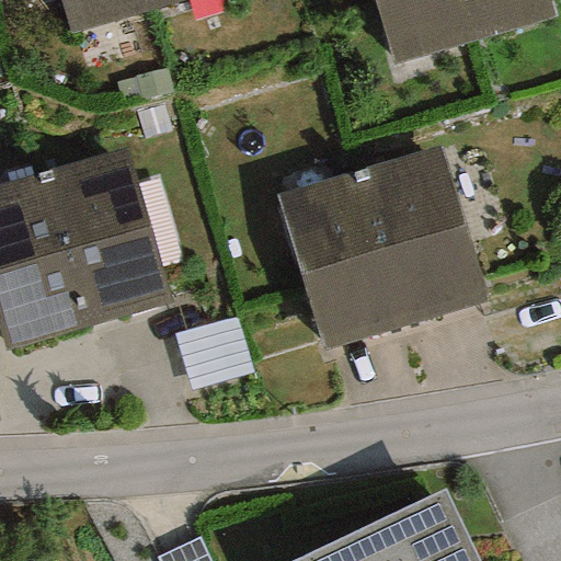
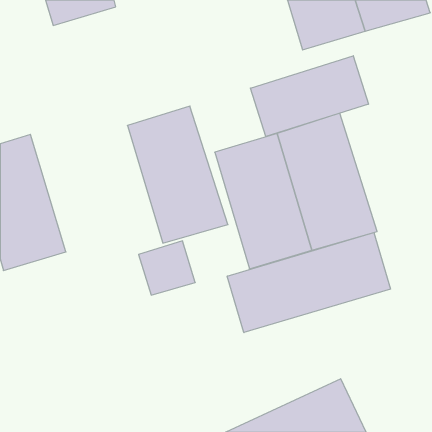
building: none -> [250,56,368,137]
building: [39,149,170,327] -> [127,106,228,243]
building: none -> [227,233,390,333]

